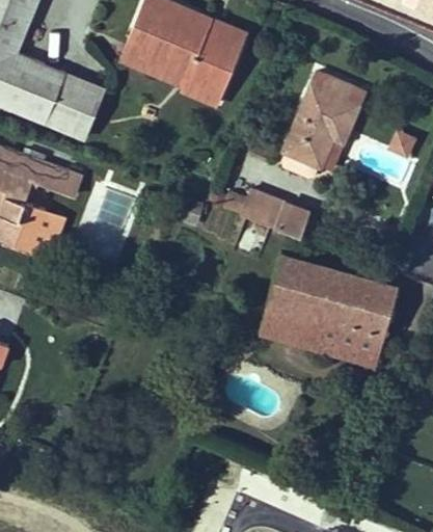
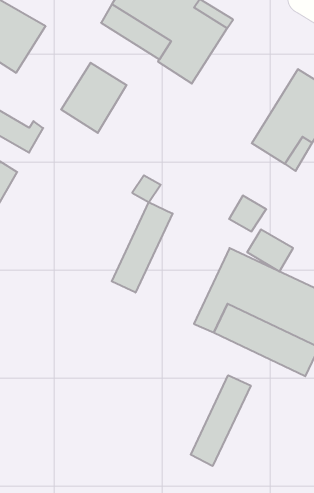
building: [47,73,106,139] -> [61,63,127,133]
building: [242,191,286,229] -> [247,230,293,272]
building: none -> [112,202,173,293]
building: none -> [191,375,251,466]

